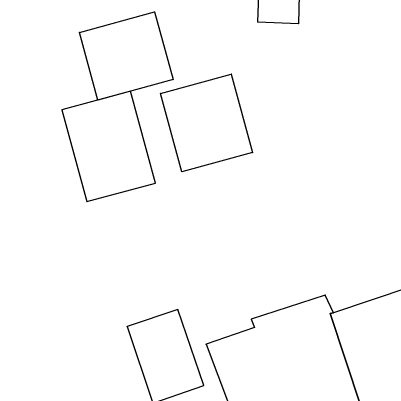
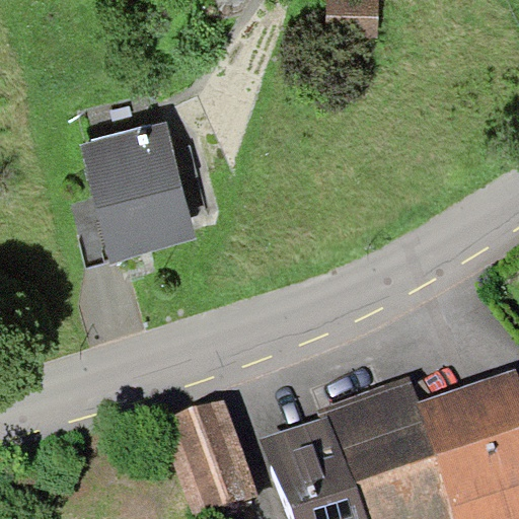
building: [79,12,173,100] -> none
building: [161,74,253,172] -> none

